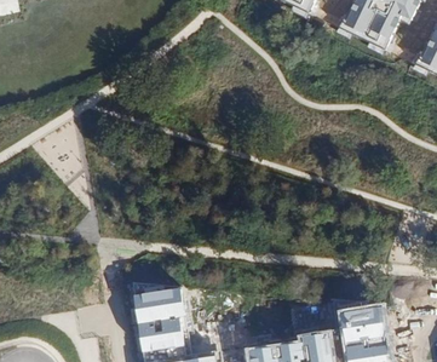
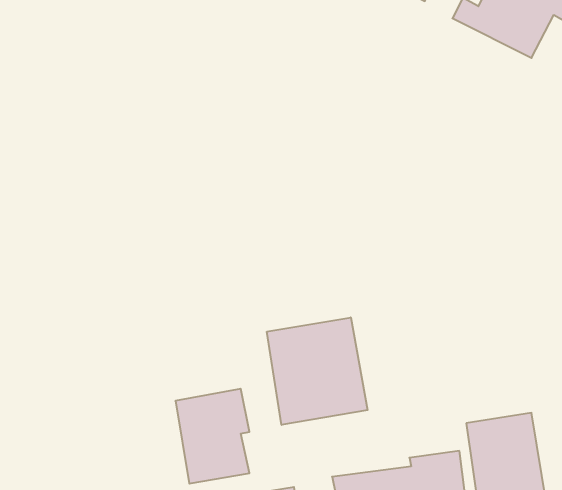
building: none -> [267,317,368,425]

